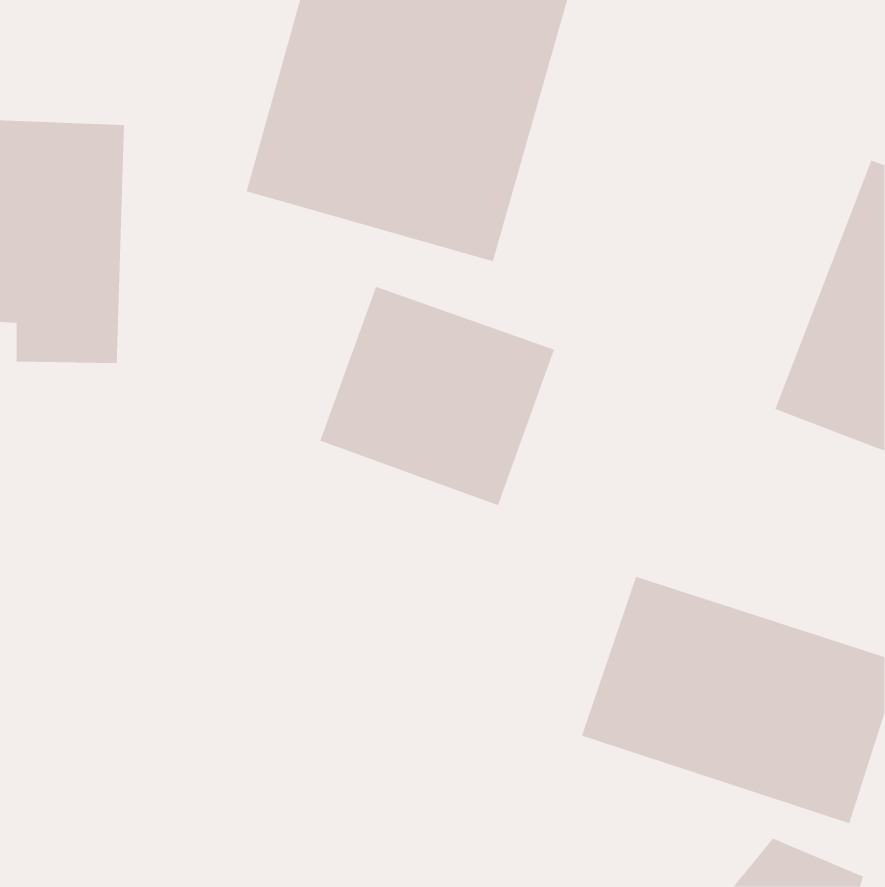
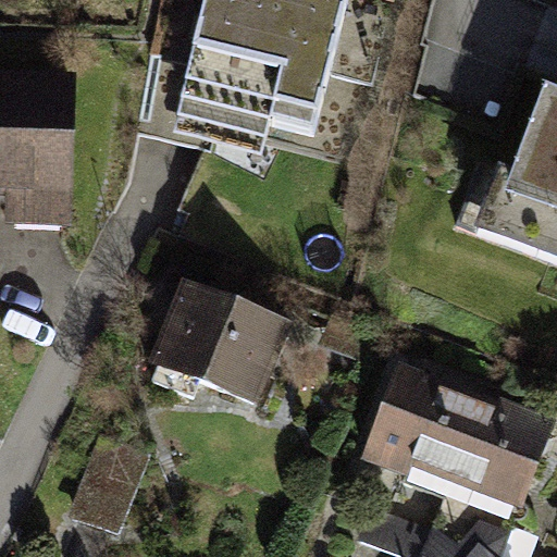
building: [319,286,555,506] -> [152,282,298,418]
building: none -> [63,432,143,533]

